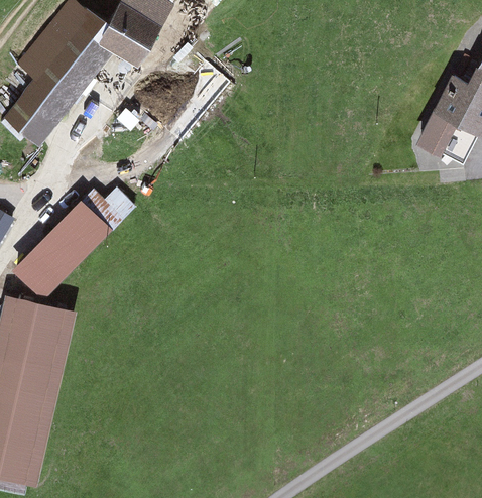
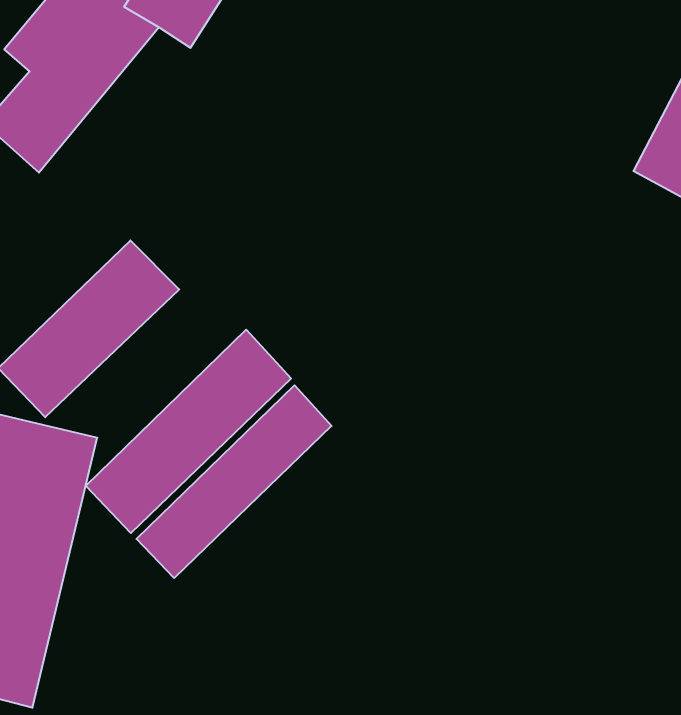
building: none -> [86,330,291,533]
building: none -> [136,385,332,578]

